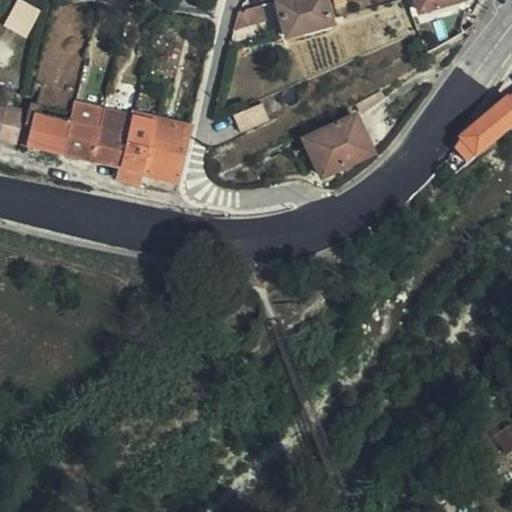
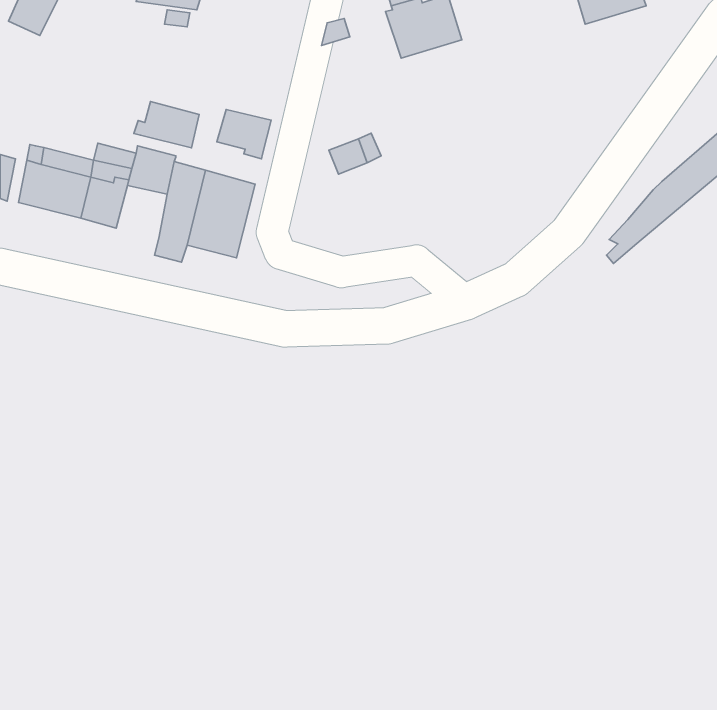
building: none -> [134,101,199,148]
building: none -> [217,109,271,159]
building: [311,106,378,164] -> none
building: [87,131,123,168] -> none

